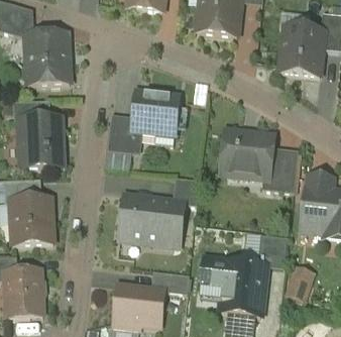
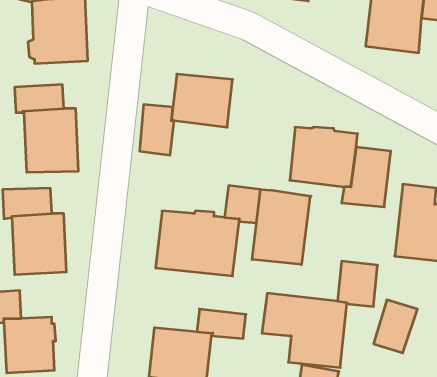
building: none -> [252,189,311,265]

